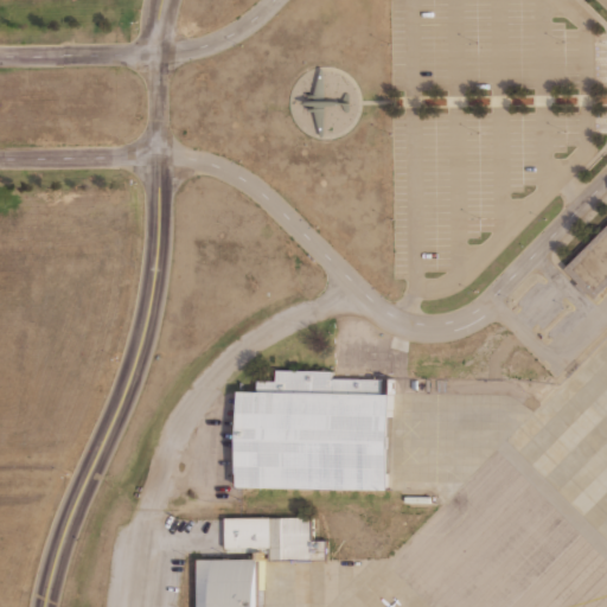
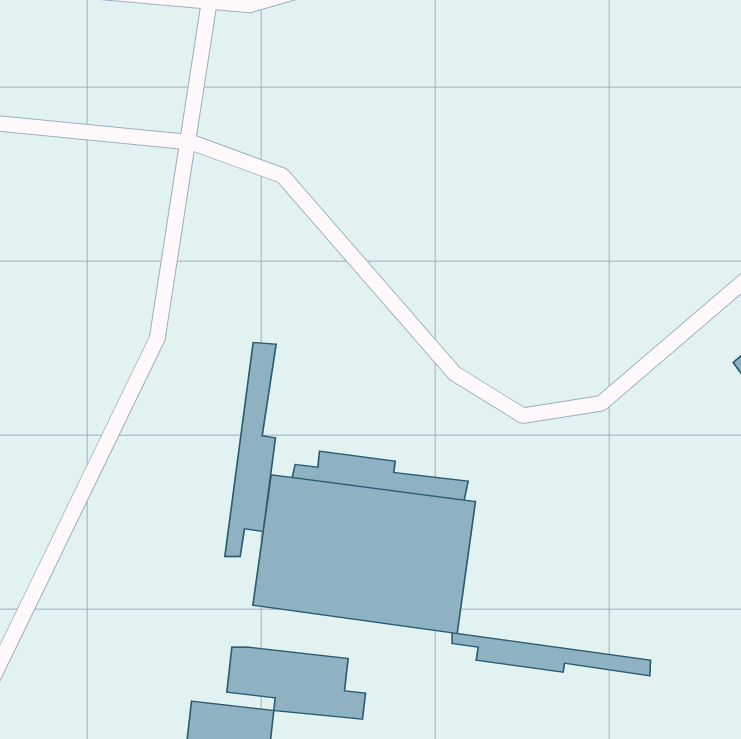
building: none -> [225,343,276,557]
building: none -> [452,633,650,676]

